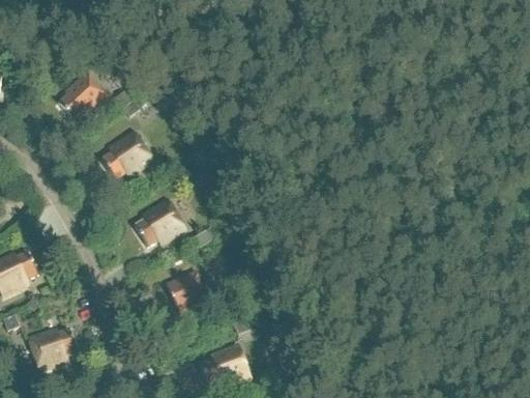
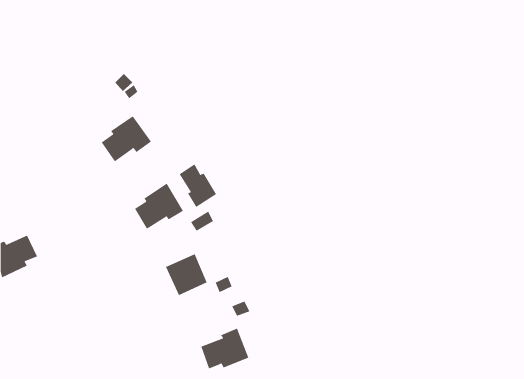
building: [59,72,108,120] -> none
building: none -> [179,164,217,208]
building: [29,328,78,368] -> none

